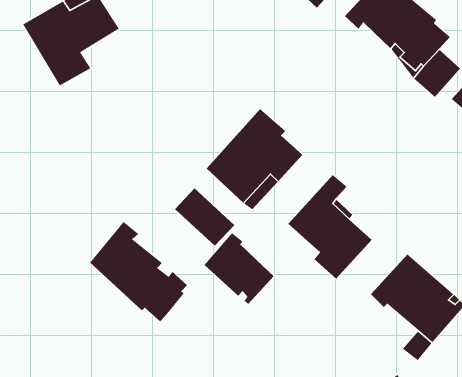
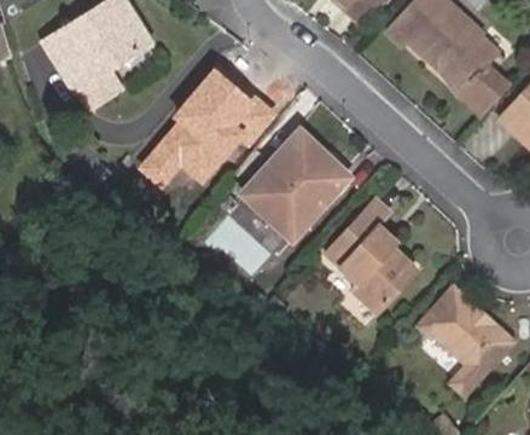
building: none -> [140,63,276,187]
building: [89,221,188,323] -> none
building: [203,232,274,305] -> none

